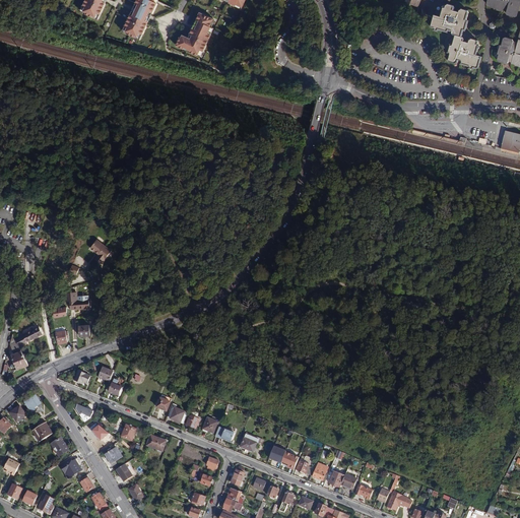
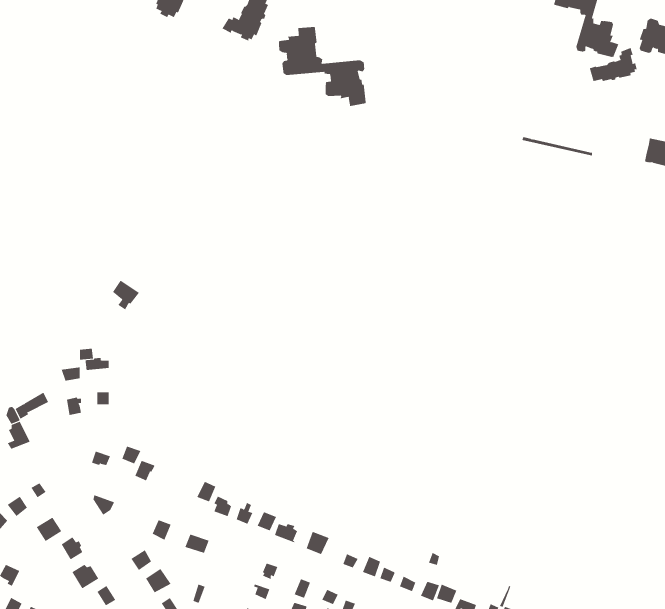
building: none -> [278,26,366,107]
building: none -> [589,47,637,82]

